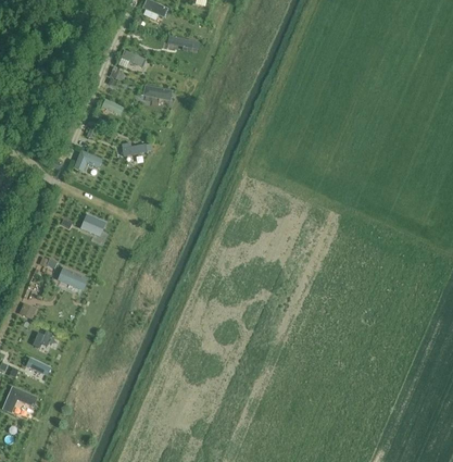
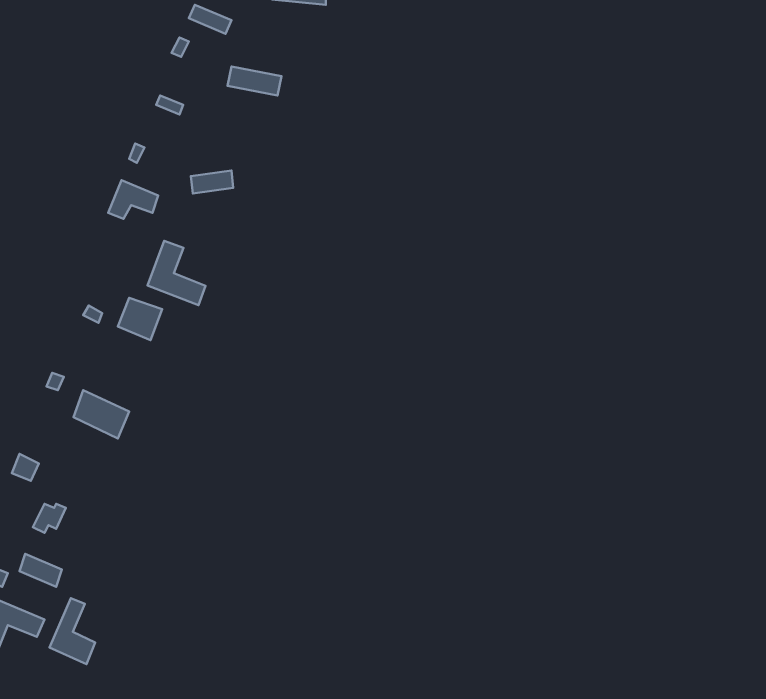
building: none -> [147,241,205,305]
building: none -> [50,598,95,664]

